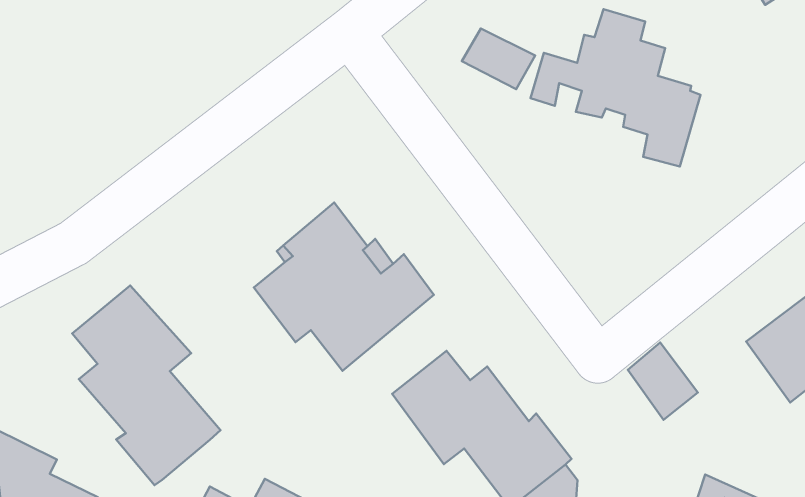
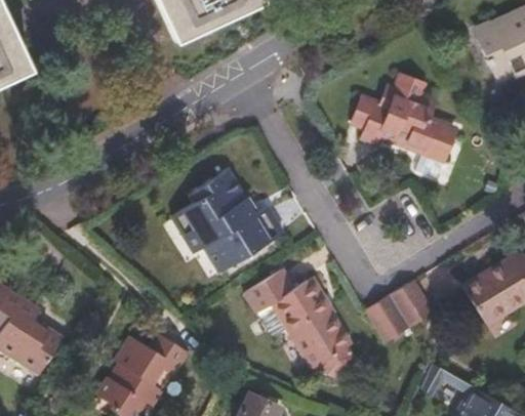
building: [462,29,535,89] -> none
building: [72,285,221,485] -> none
building: none -> [367,293,410,340]

